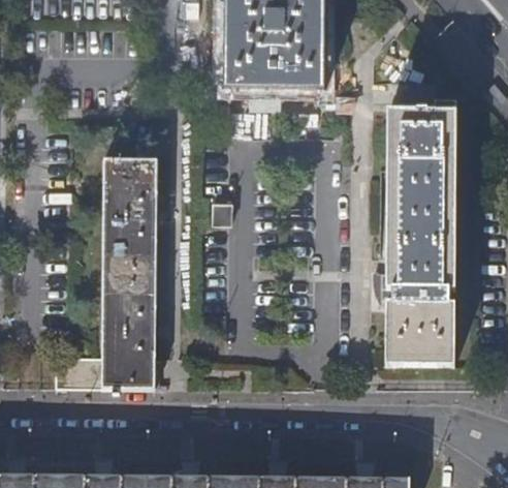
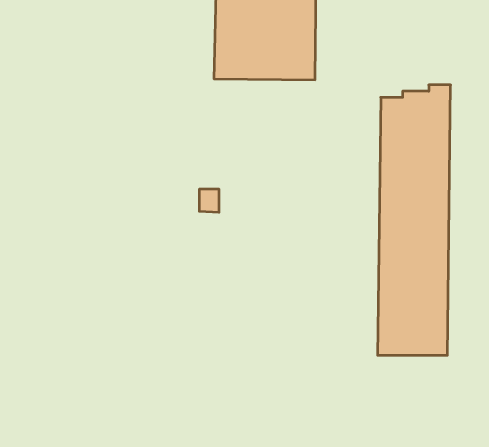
building: [53,160,154,395] -> none

